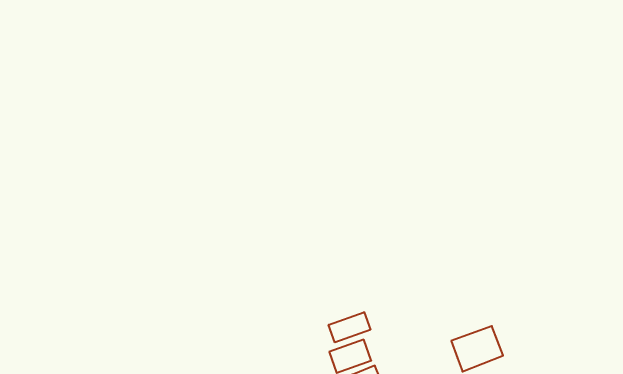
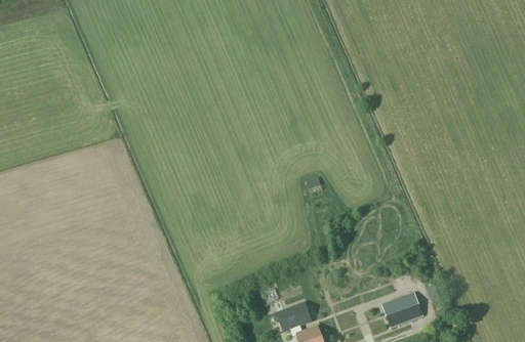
building: [329,312,370,342] -> none

